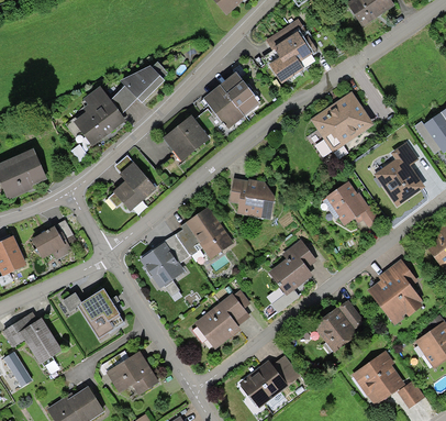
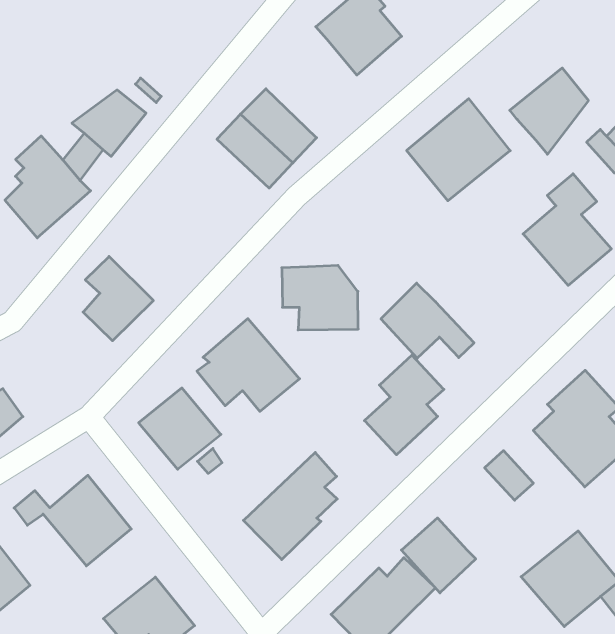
building: none -> [510,68,588,154]
building: [163,117,209,160] -> none
building: [325,180,378,226] -> [381,283,474,358]
building: [314,308,357,352] -> [401,518,476,593]

